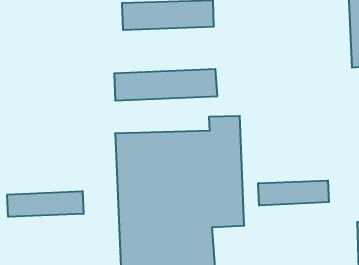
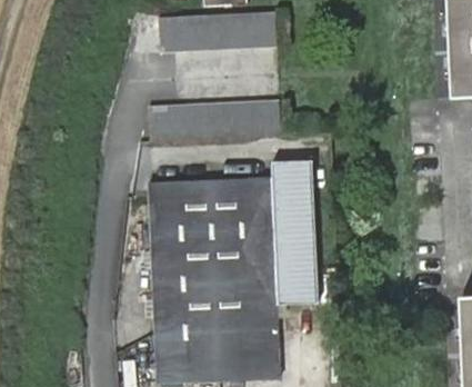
building: [258,180,329,206] -> none
building: [7,191,84,217] -> none

